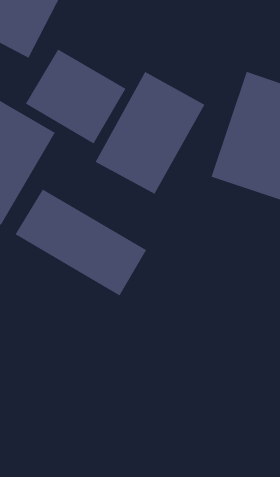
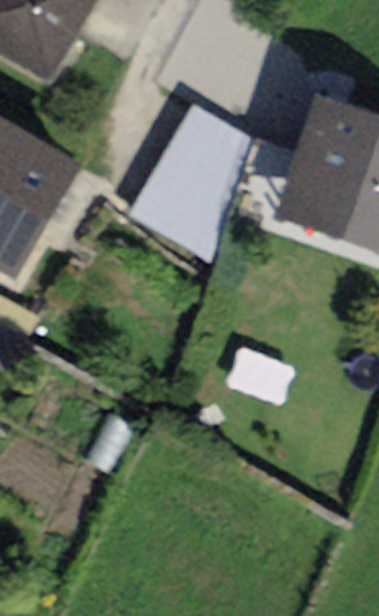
building: [25,49,127,145] -> none
building: [15,189,147,296] -> none

